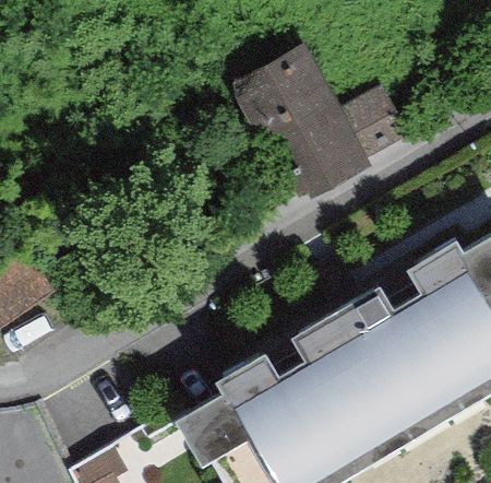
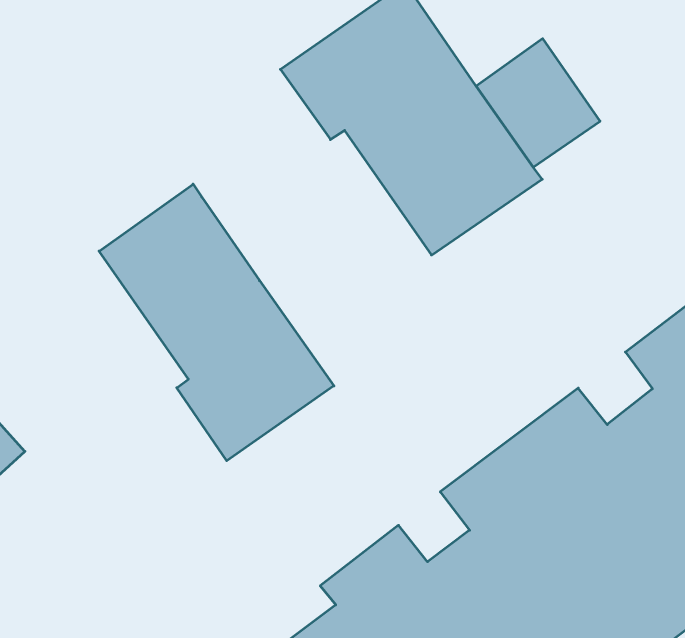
building: none -> [99,184,334,461]

